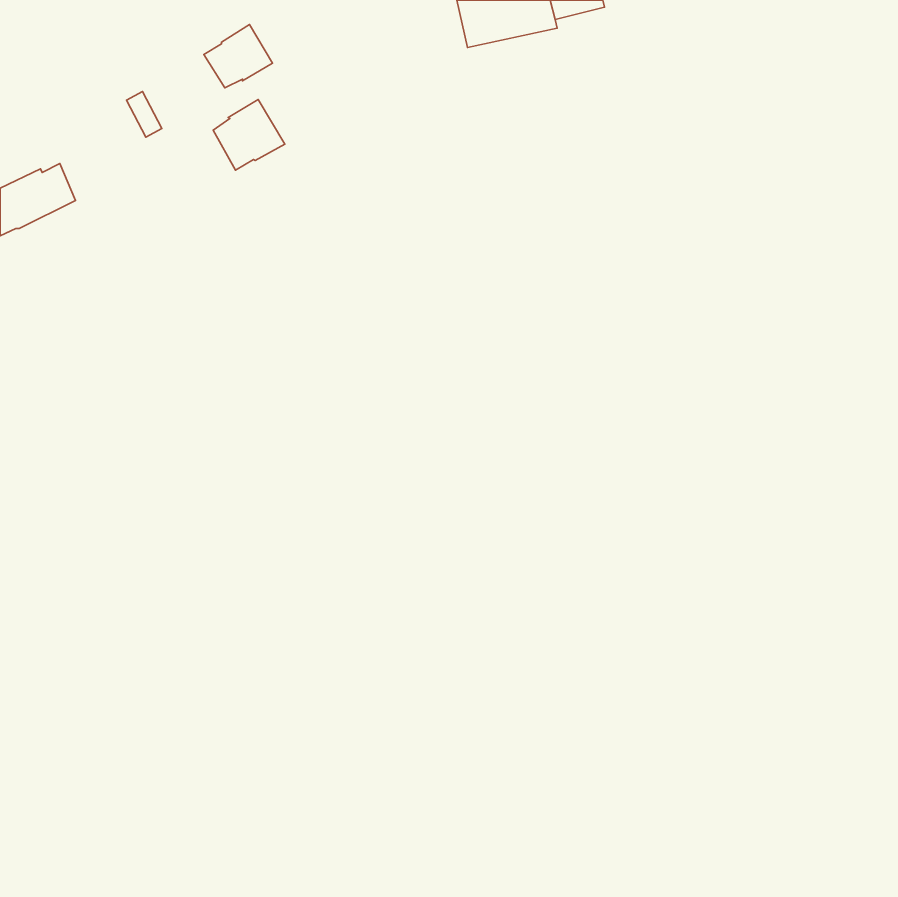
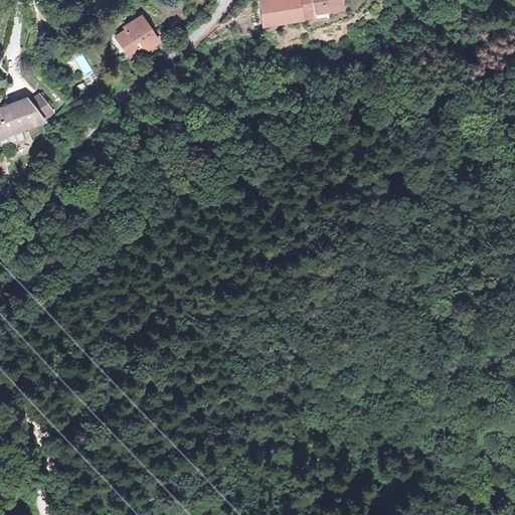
building: [213,99,285,170] -> none

